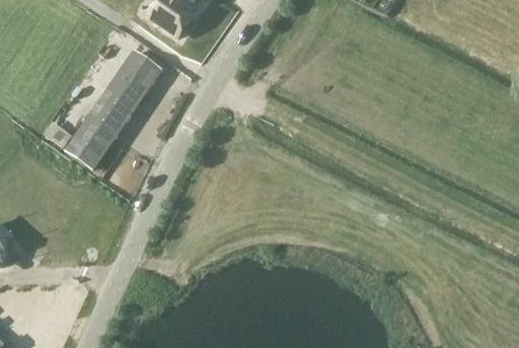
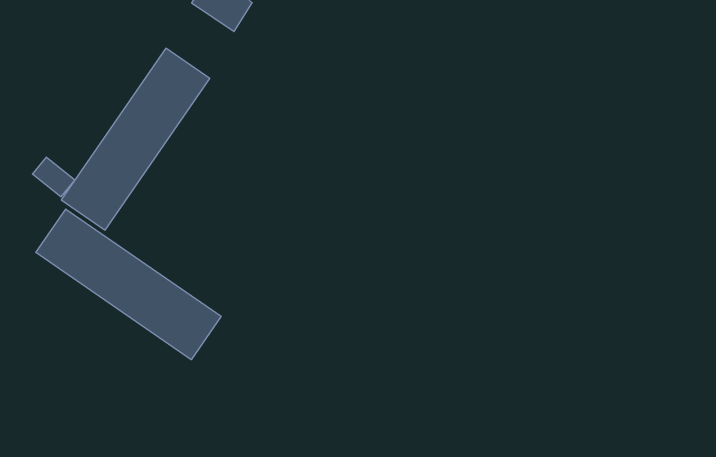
building: none -> [36,209,221,360]

